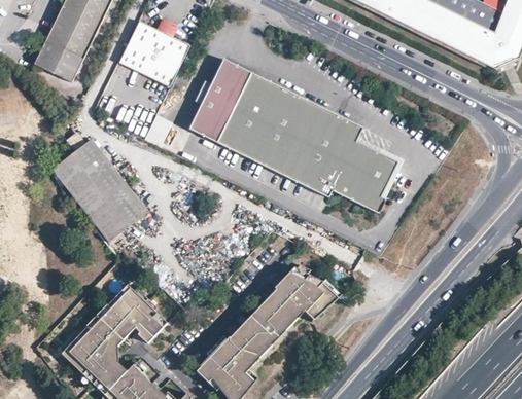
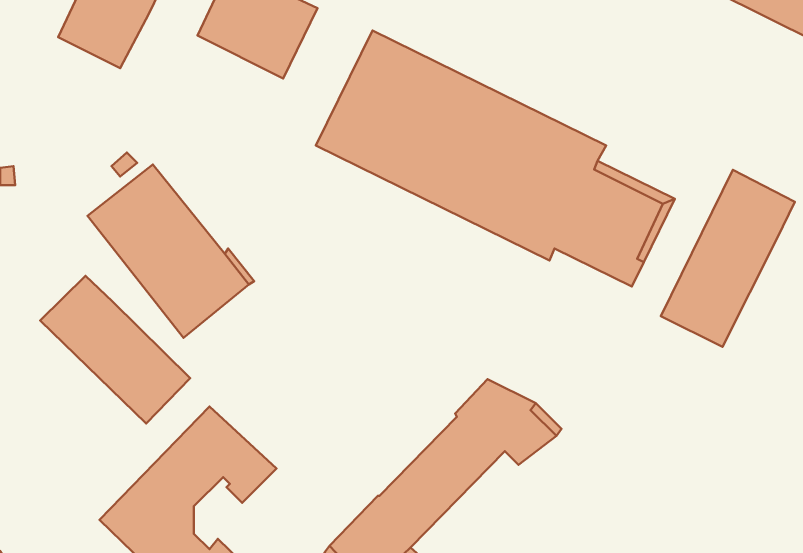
building: none -> [661,170,795,347]
building: none -> [40,276,190,423]

